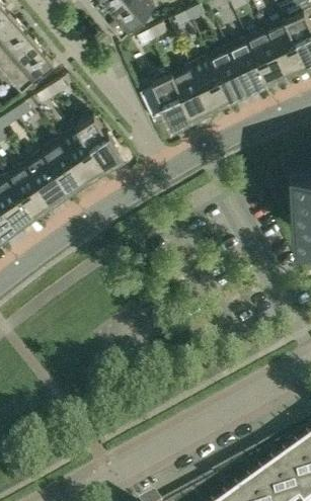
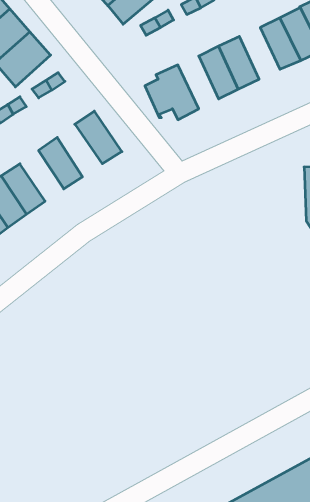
building: [229,45,266,92] -> none
building: [172,71,210,119] -> none
building: [61,134,102,182] -> none
building: [26,158,67,204] -> none

